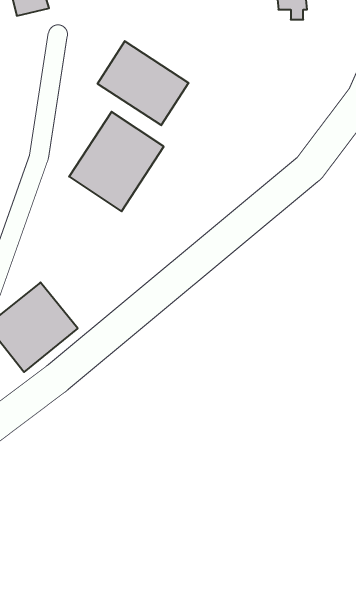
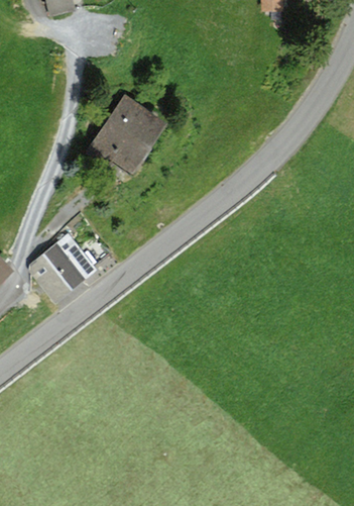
building: [98,41,188,125] -> none

